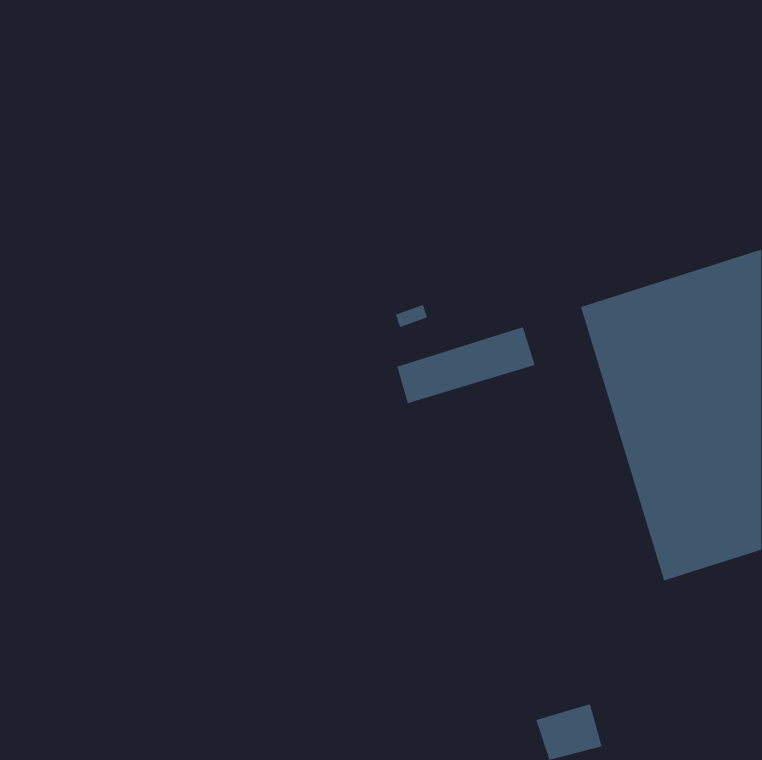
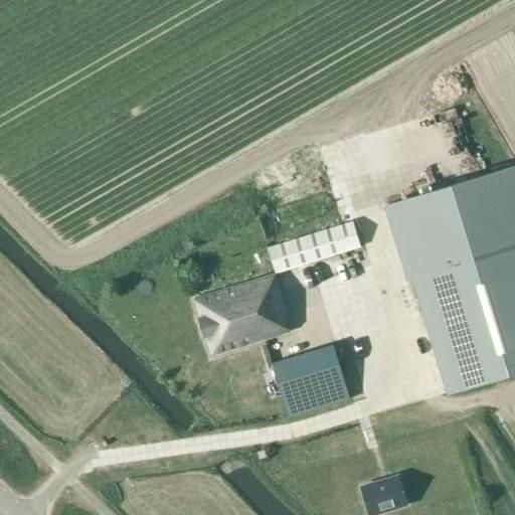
building: none -> [189,274,289,354]
building: none -> [273,342,351,417]

